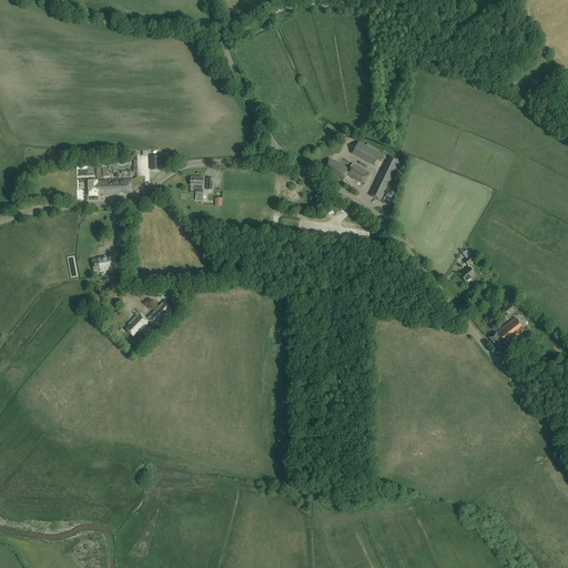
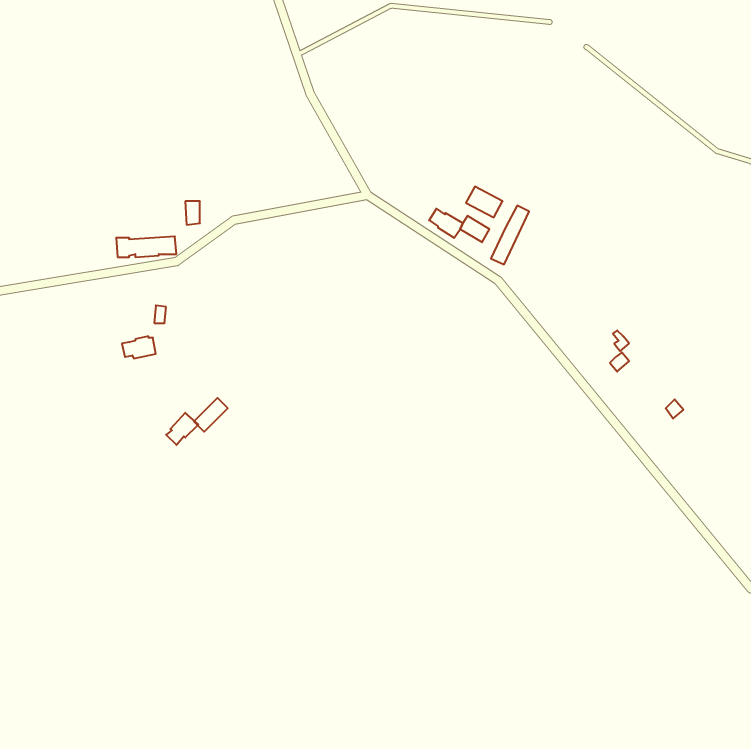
building: [489,316,525,347] -> none

